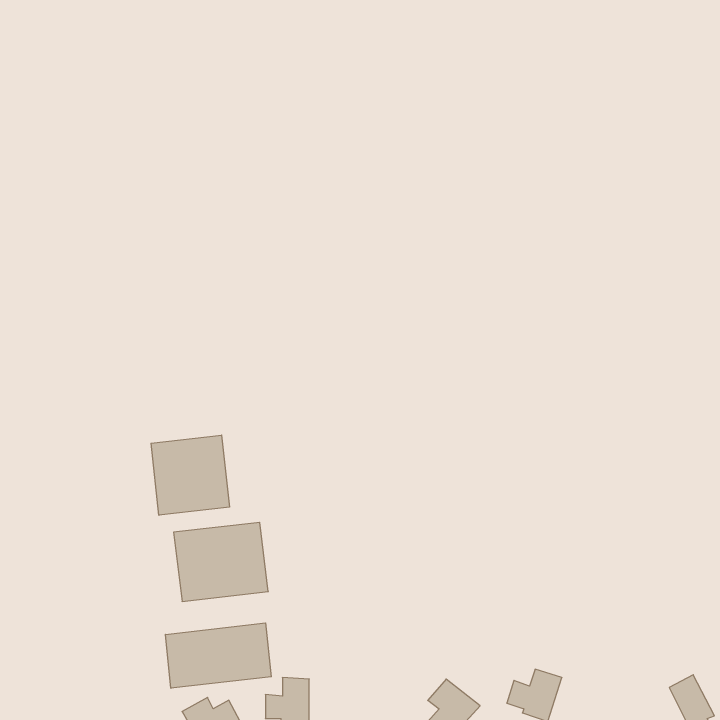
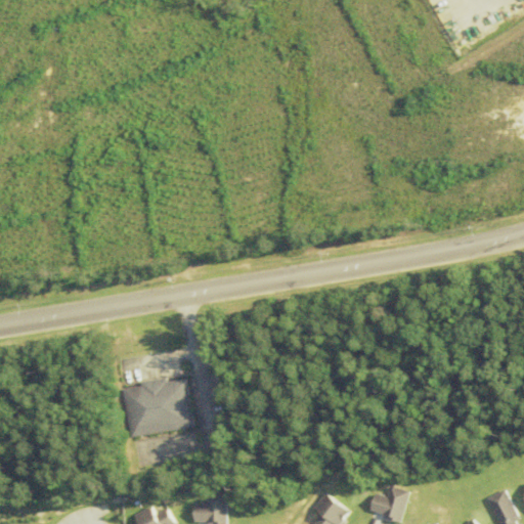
building: [151,435,229,515] -> none
building: [165,623,271,688] -> none

